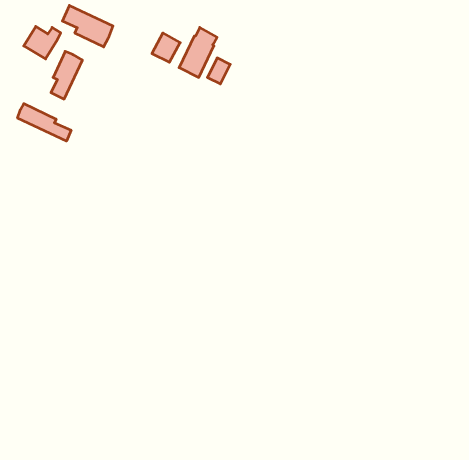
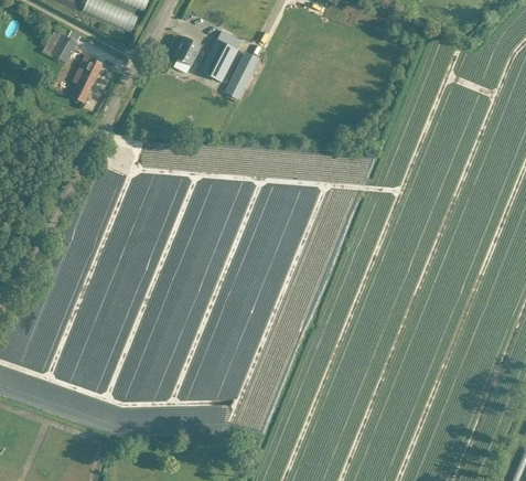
building: [62,5,113,47] -> none
building: [18,104,71,141] -> none

